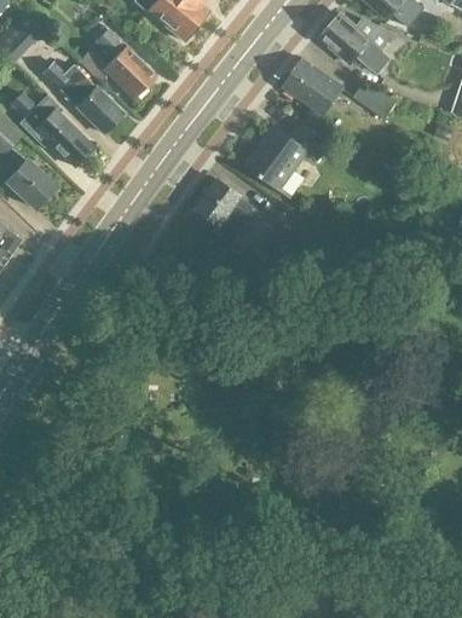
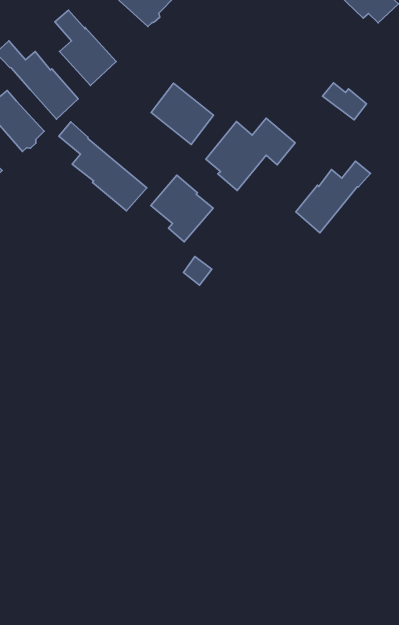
building: [319,15,380,65] -> none
building: [282,58,341,115] -> [151,83,214,144]
building: none -> [59,122,147,211]
building: none -> [296,161,370,233]

